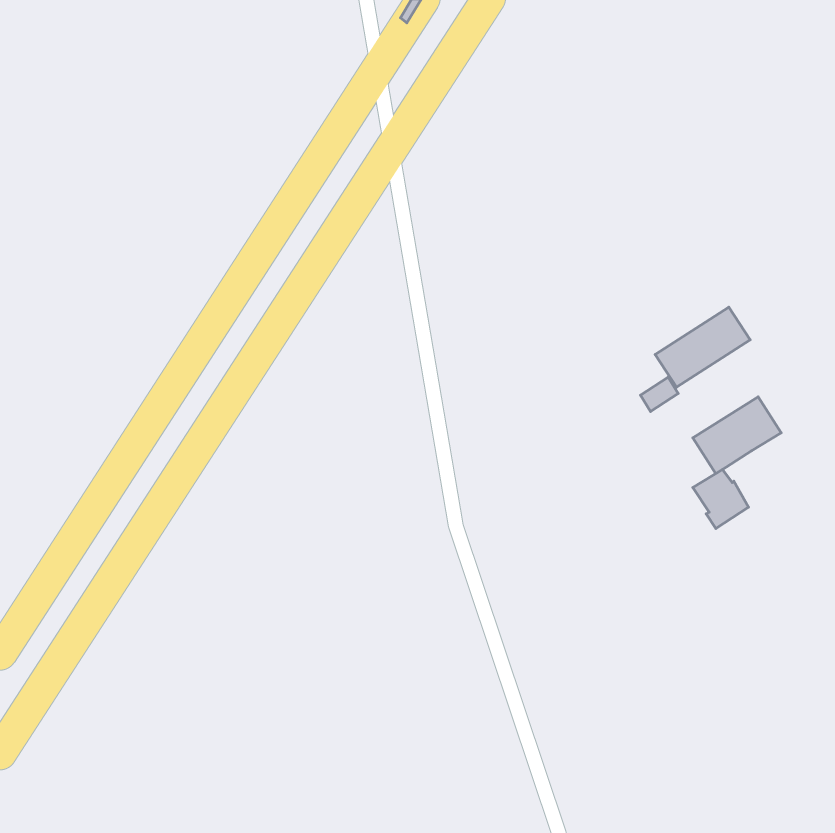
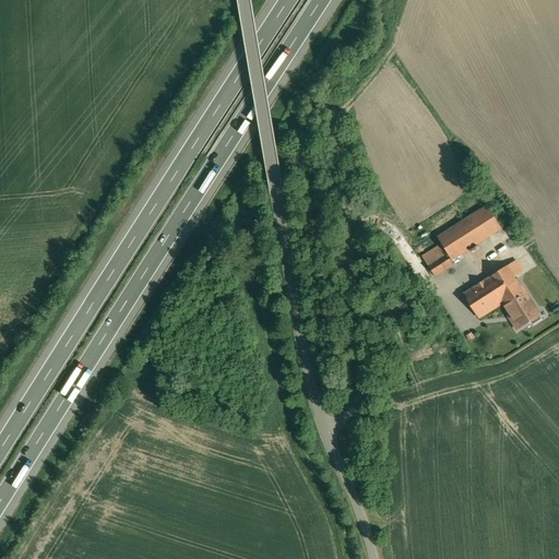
building: [693,470,749,528] -> [502,289,539,329]

